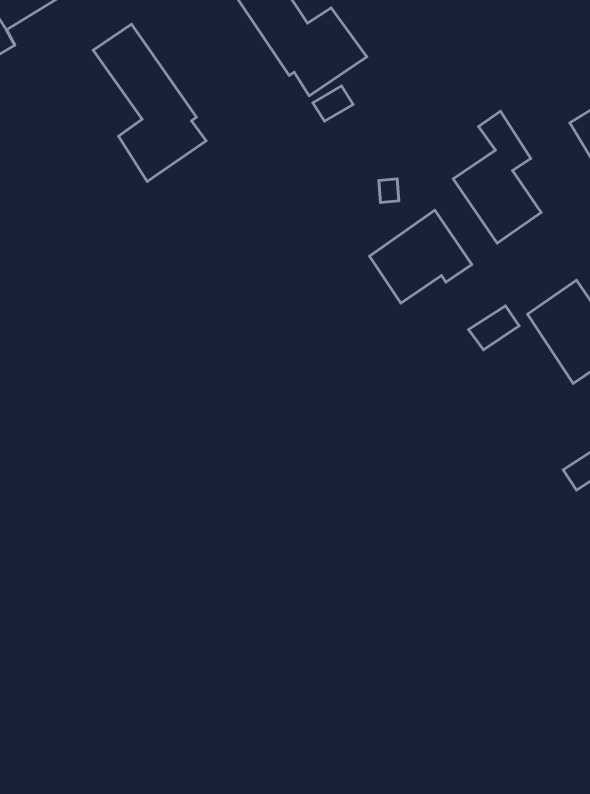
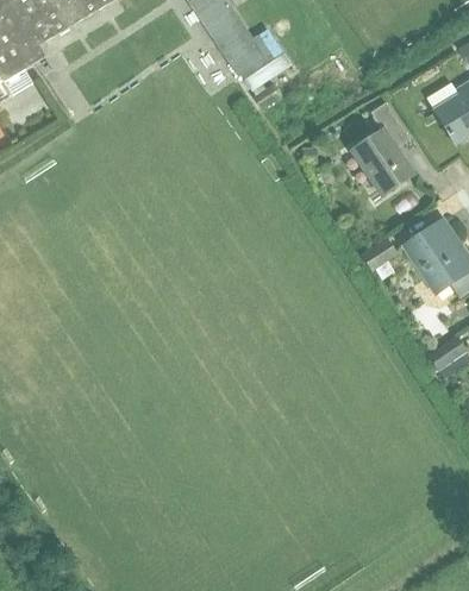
building: [93,24,206,181] -> none
building: [369,210,472,303] -> none

